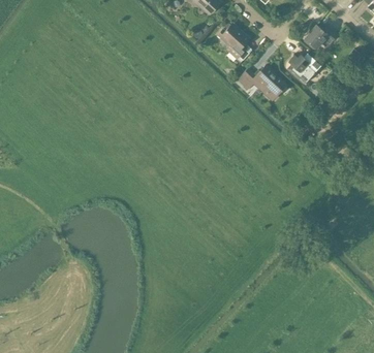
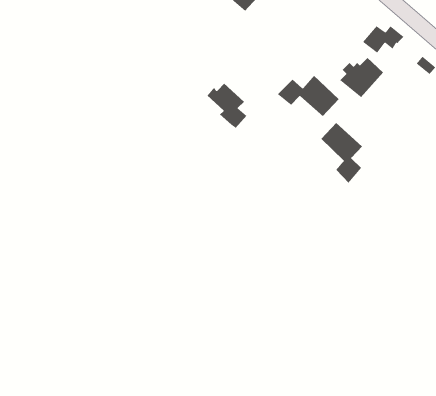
building: [218,24,251,61] -> [207,83,247,129]
building: none -> [320,122,363,183]

